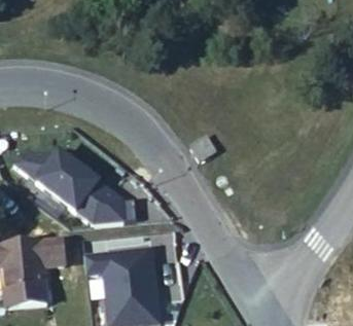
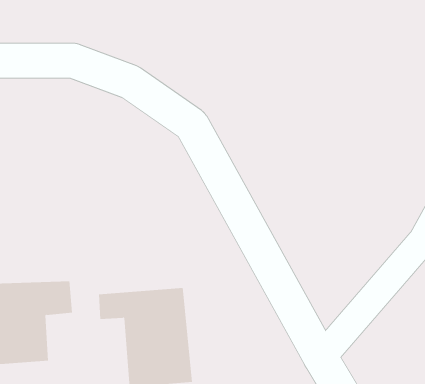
building: [15,151,127,223] -> none

